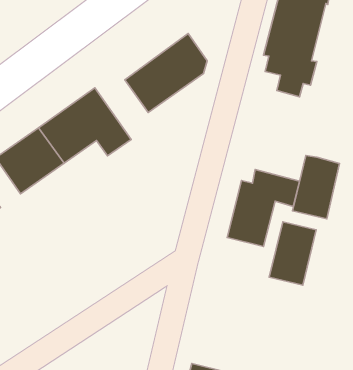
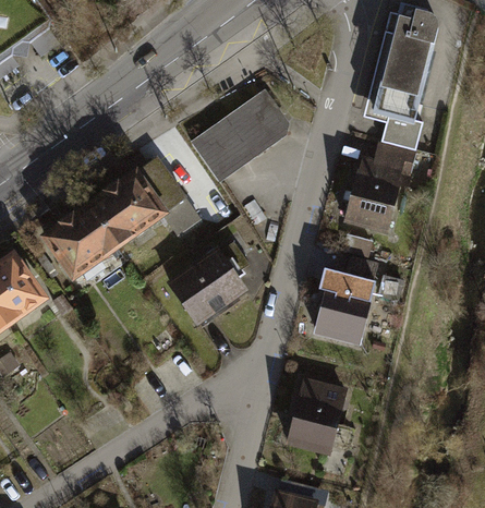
building: [292,155,339,219] -> [345,156,402,232]
building: none -> [161,244,250,328]
building: [269,222,316,285] -> [288,375,344,451]

